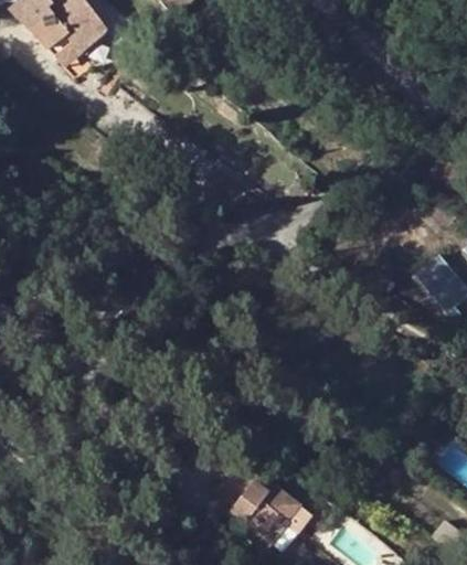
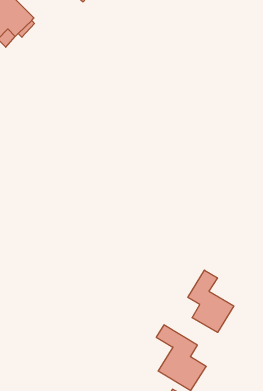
building: none -> [188,270,234,332]

